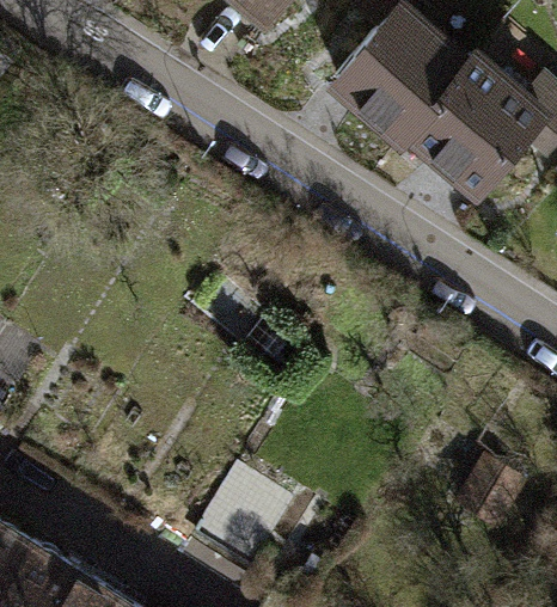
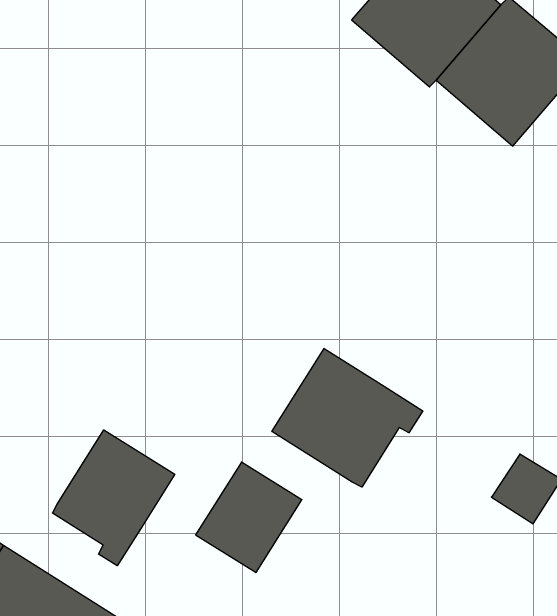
building: none -> [272,348,423,487]
building: none -> [52,430,175,566]

